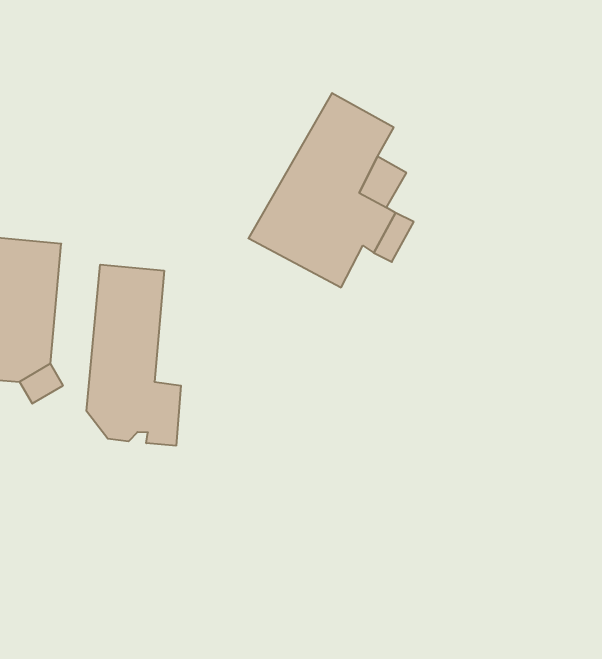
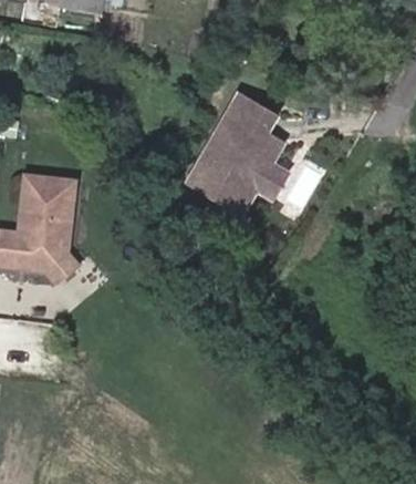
building: [86,265,181,446] -> none

